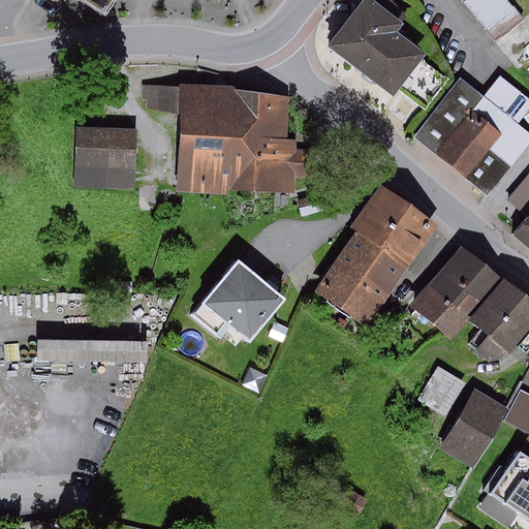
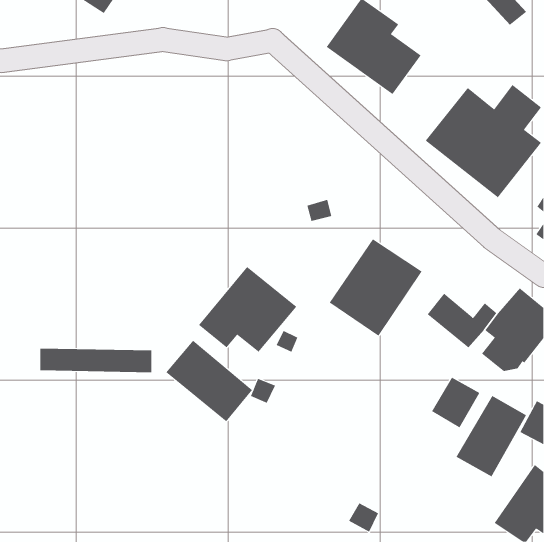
building: [142,83,318,193] -> none
building: [74,125,137,188] -> none
building: [354,182,437,263] -> none
building: [431,246,504,308] -> none
building: none -> [165,340,253,422]

